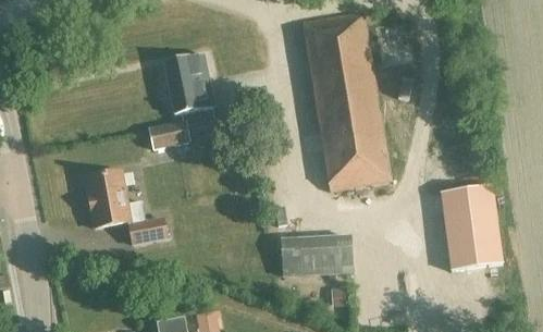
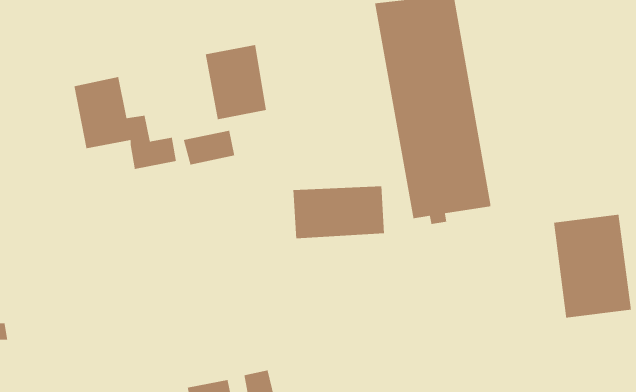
building: [85,169,166,243] -> [74,76,177,170]
building: [281,234,354,276] -> [293,186,385,239]

